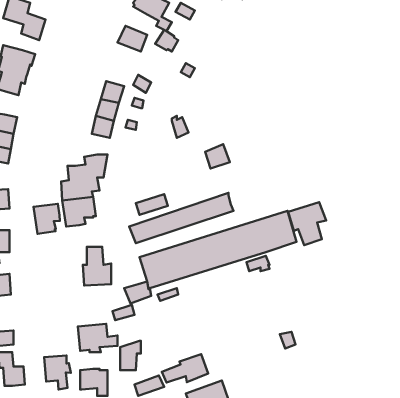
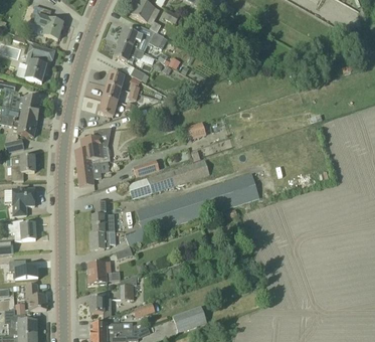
building: none -> [115,41,145,61]
building: [288,202,326,245] -> none
building: [34,204,60,234] -> none
building: none -> [90,230,116,248]
building: [162,354,208,383] -> none
building: [44,356,71,389] -> none

